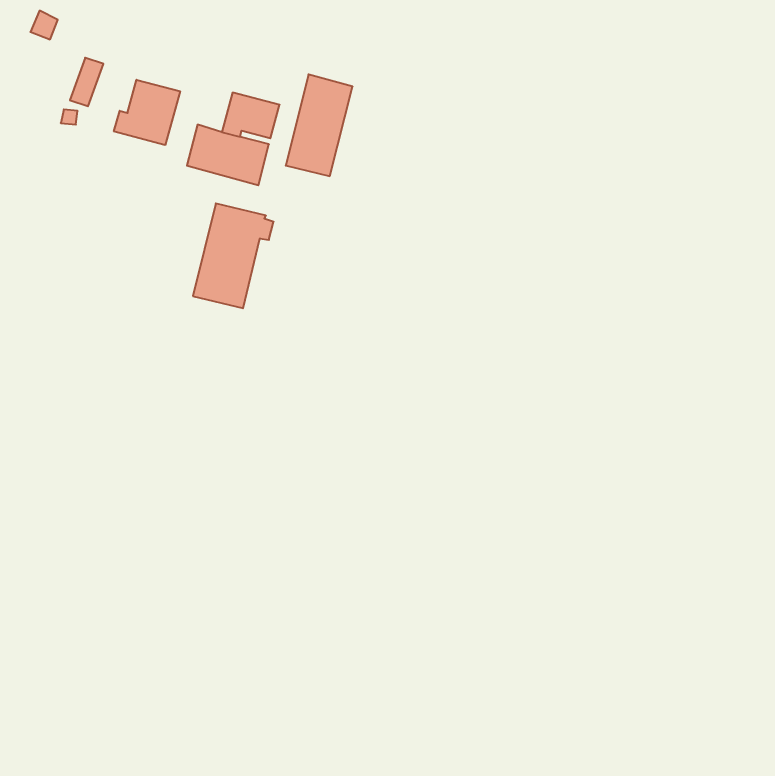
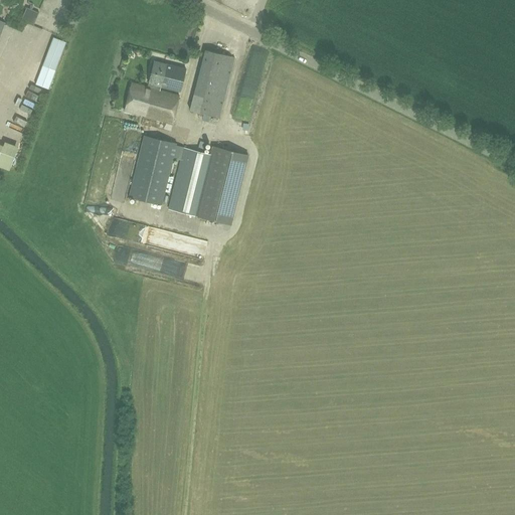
building: [114,80,180,145] -> none
building: none -> [168,146,243,223]

